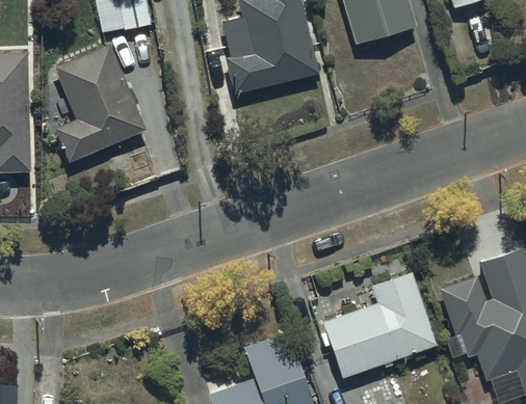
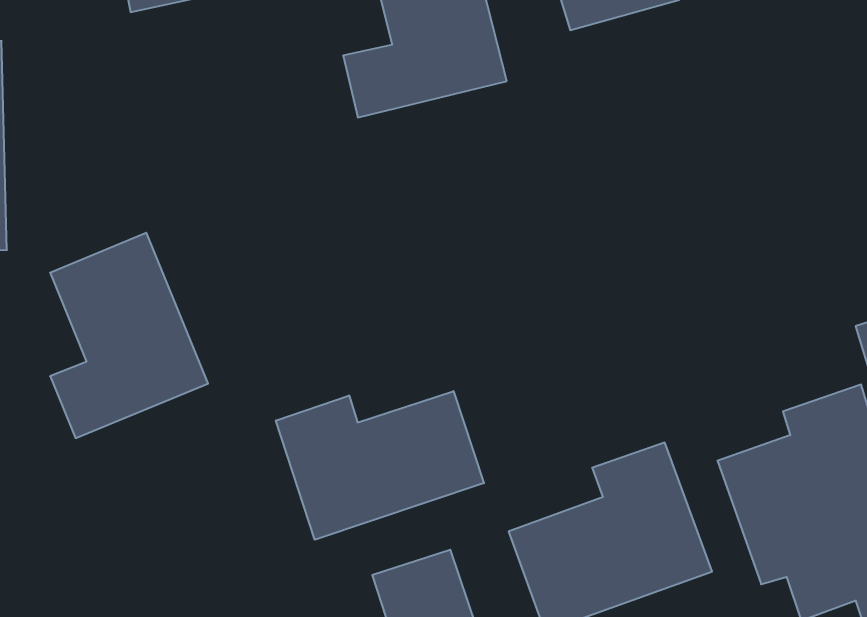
building: [56,42,147,159] -> [50,233,208,438]
building: none -> [276,391,484,540]

